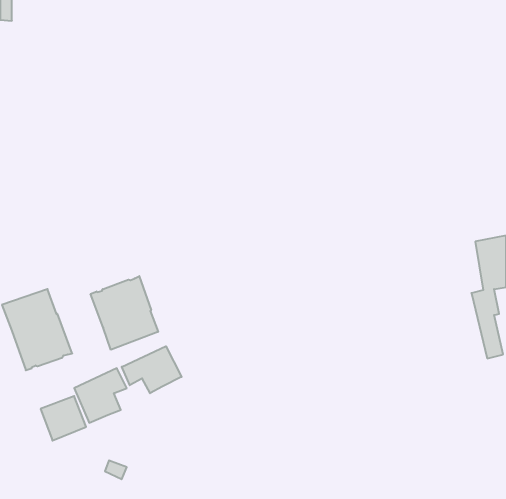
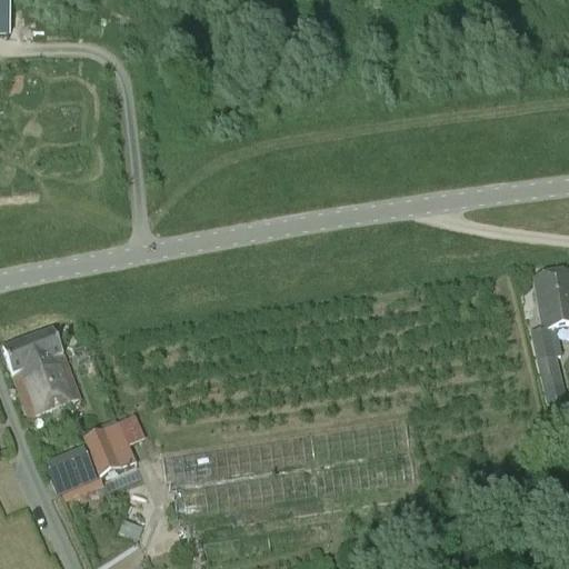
building: [91,276,158,350] -> none
building: [122,346,182,393] -> none

